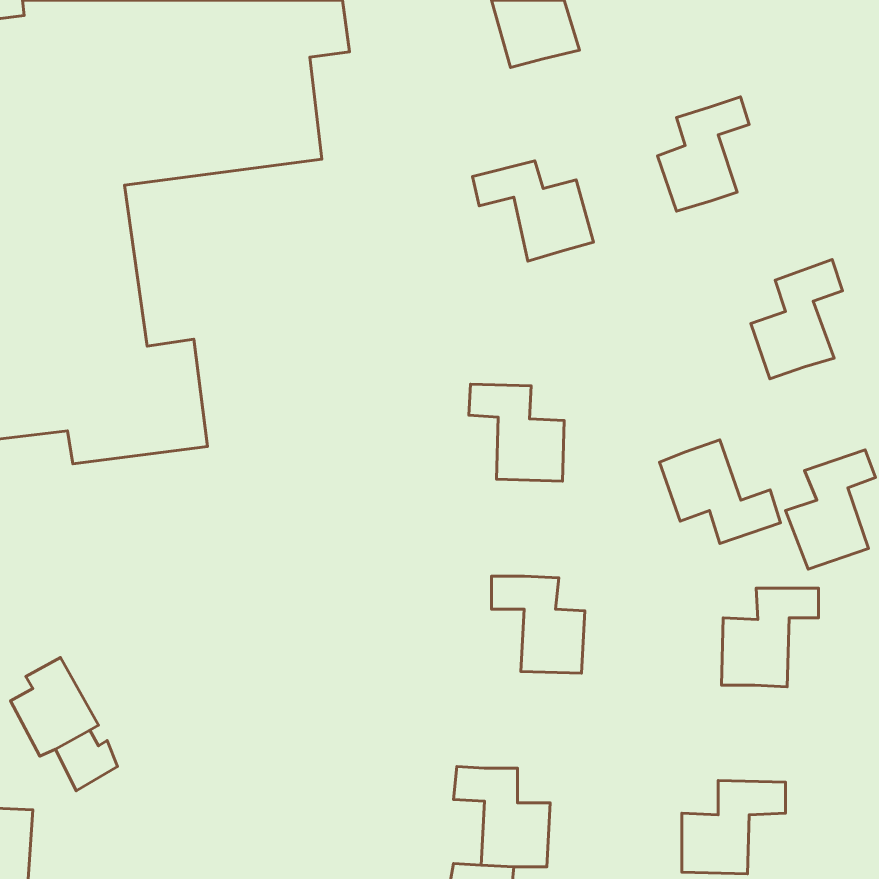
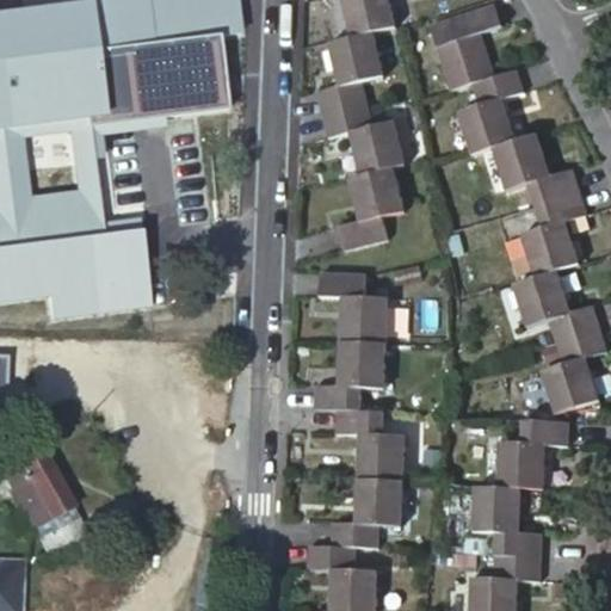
building: none -> [426,8,494,91]
building: none -> [320,44,385,125]
building: none -> [490,128,574,197]
building: none -> [332,177,399,255]
building: [659,440,781,544] -> [513,257,597,328]
building: none -> [320,334,388,401]
building: none -> [334,467,401,535]
building: none -> [474,476,542,543]

